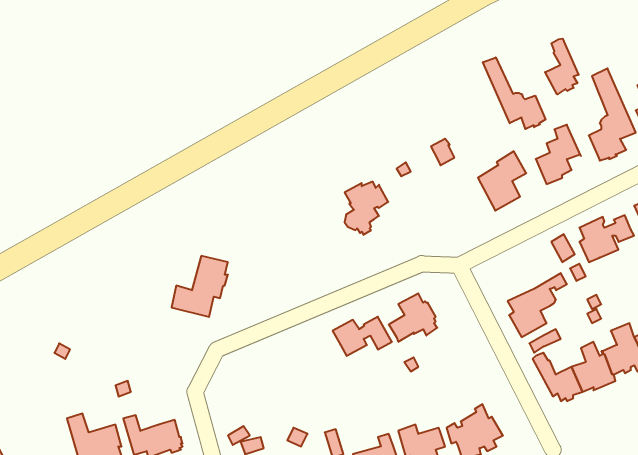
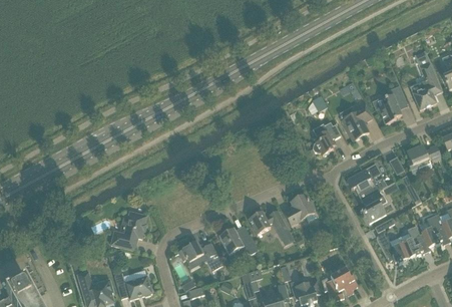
building: [545,39,579,94] -> none
building: [483,57,546,129] -> none
building: [345,182,388,235] -> [312,121,340,156]
building: none -> [346,163,380,199]
building: [172,256,228,317] -> [110,211,146,250]
building: none -> [218,227,258,254]
building: none -> [177,242,221,270]

